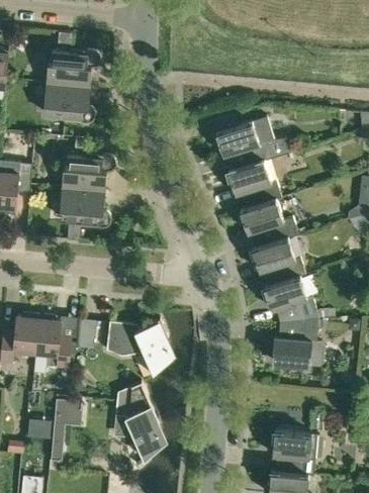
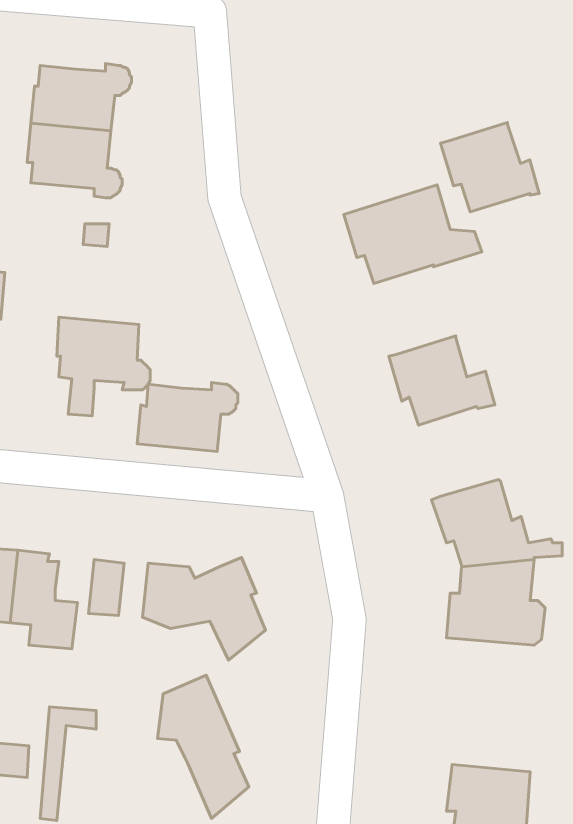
building: [61,155,115,192] -> [137,382,238,451]
building: [227,160,281,208] -> [440,123,539,212]
building: [252,236,305,285] -> none

